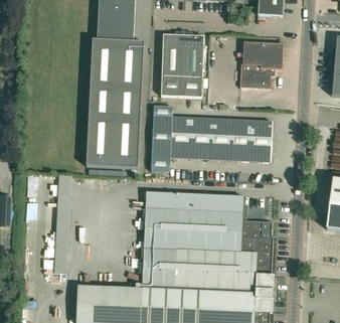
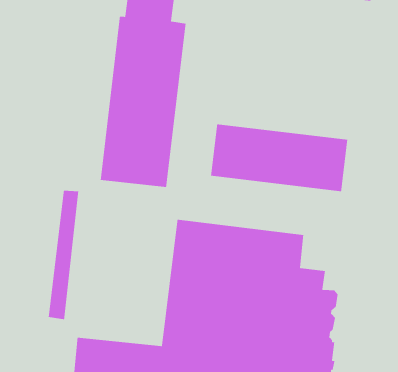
building: [161,33,204,97] -> none
building: [240,41,284,88] -> none
building: [151,105,173,171] -> none

